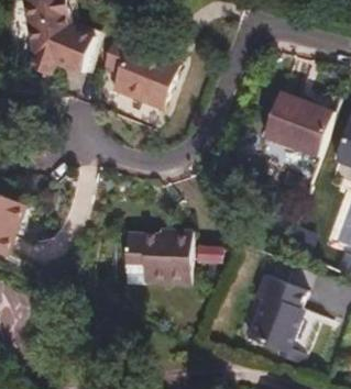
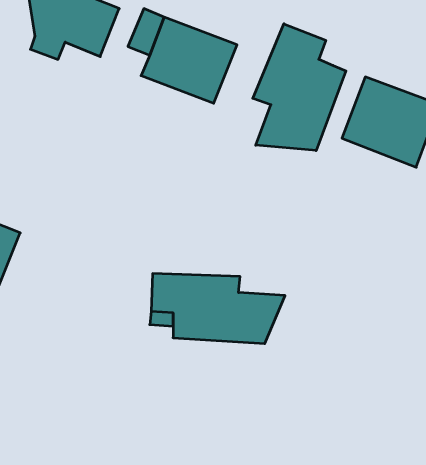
building: none -> [253,24,346,151]
building: [251,273,309,362] -> none

